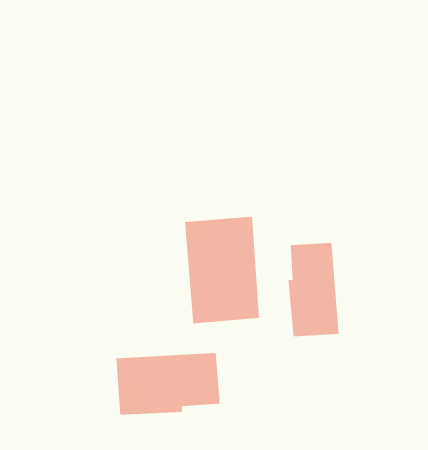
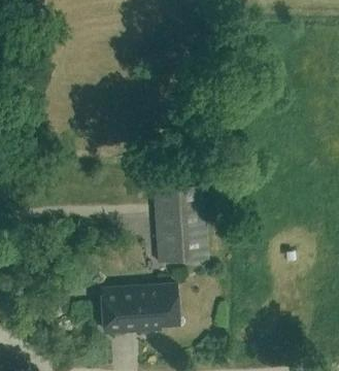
building: [287,242,340,337] -> none

